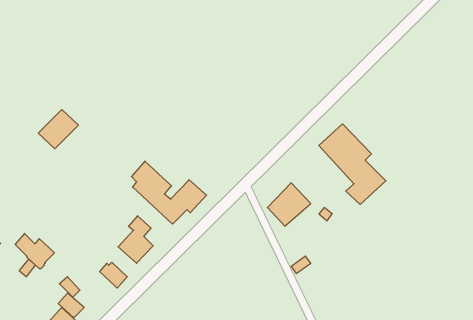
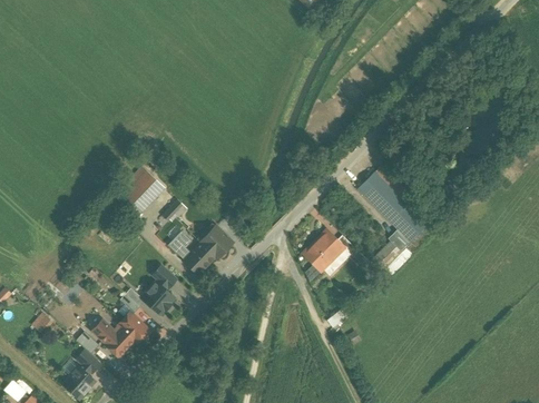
building: [38,110,78,149] -> [120,170,164,213]
building: [15,233,54,268] -> [92,317,135,355]

